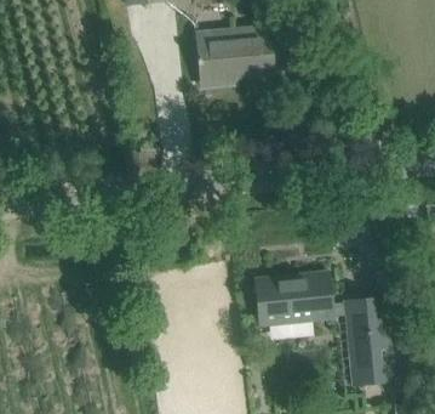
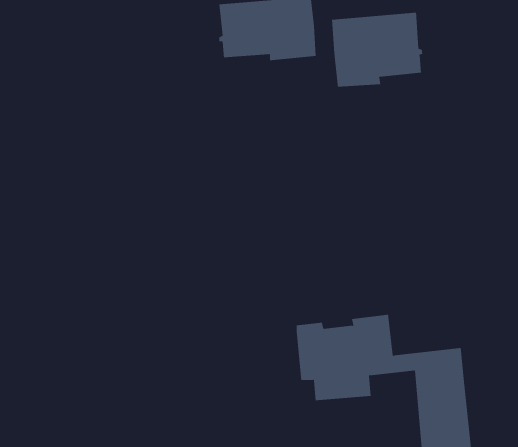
building: none -> [331,12,423,88]

